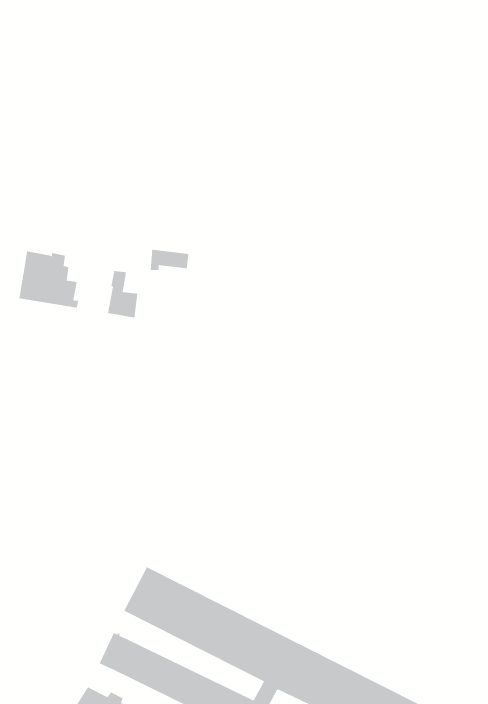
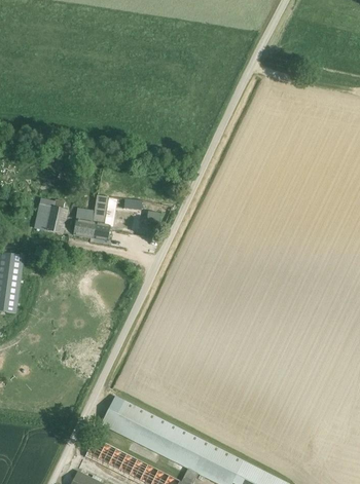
building: none -> [72,209,94,238]

